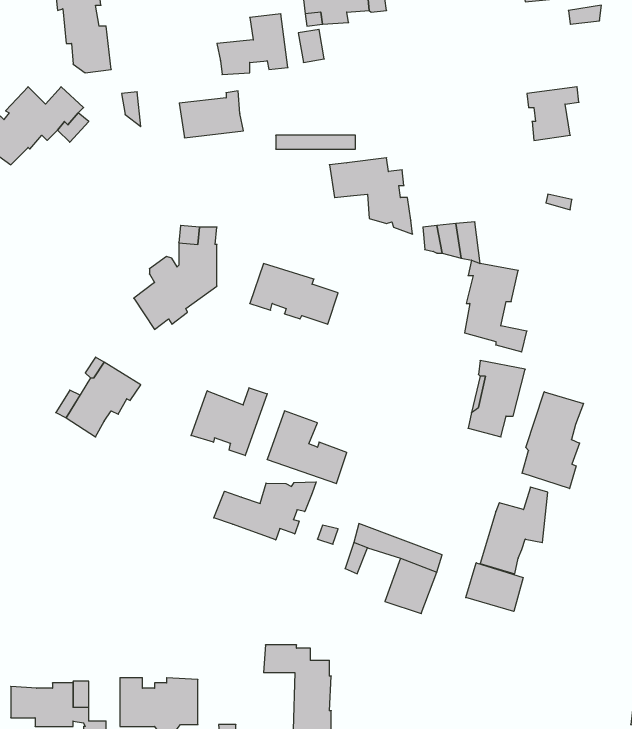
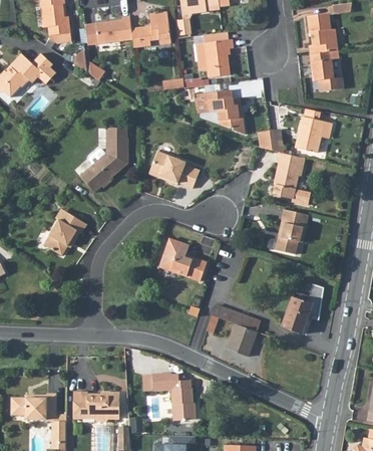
building: none -> [308,14,339,55]
building: none -> [204,40,234,78]
building: [179,91,243,138] -> [95,13,132,40]
building: none -> [295,117,329,153]
building: [191,388,267,456] -> none
building: [522,392,583,489] -> none
building: [214,482,316,540] -> none
building: [466,563,523,611] -> none

